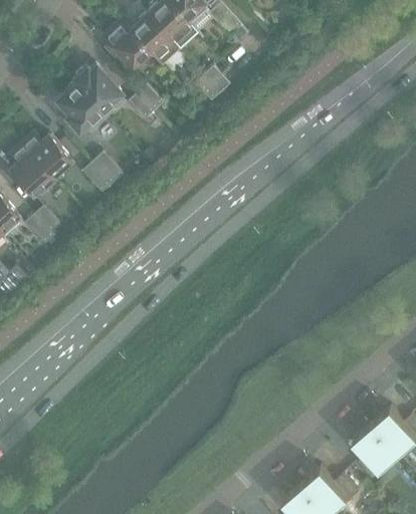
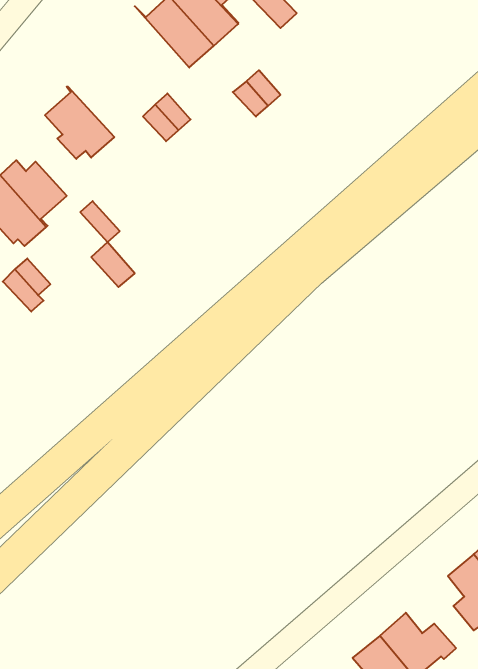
building: [101,20,161,68] -> none
building: [71,64,122,116] -> none
building: [89,153,122,186] -> [91,242,135,287]

